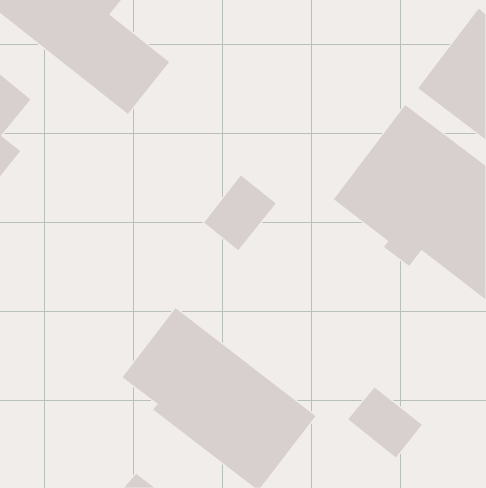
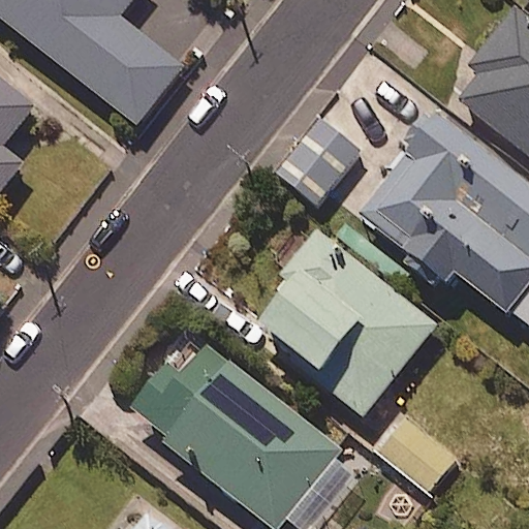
building: [203,175,277,251] -> [280,121,360,204]
building: none -> [262,230,437,416]

